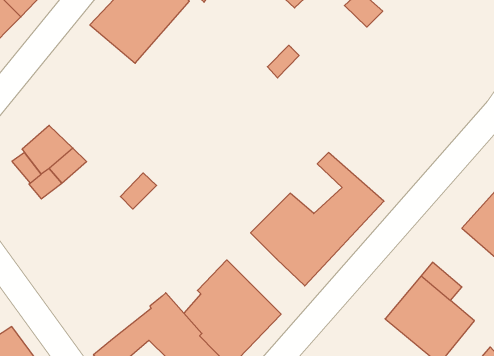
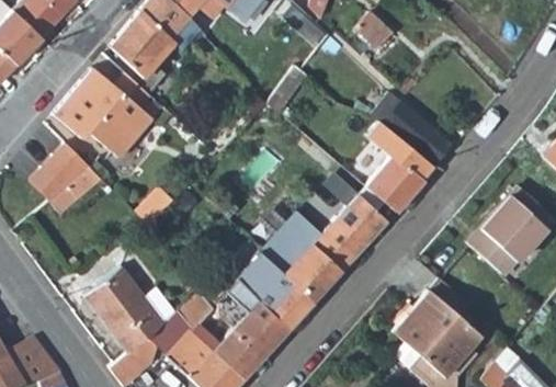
building: none -> [53,67,151,159]
building: none -> [367,121,435,212]
building: none -> [240,249,316,328]
building: none -> [87,264,178,352]

